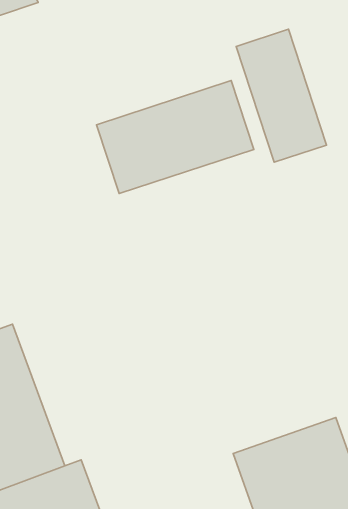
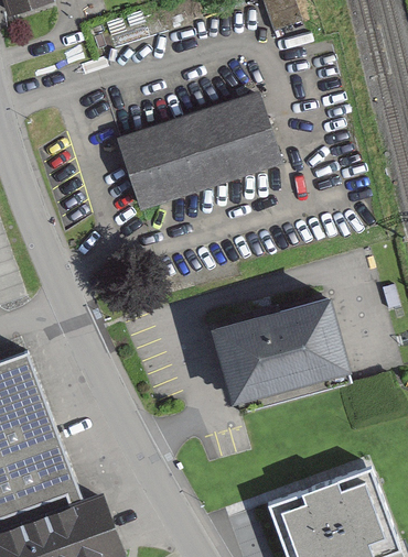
building: [236,29,326,162] -> none
building: none -> [208,304,347,414]

